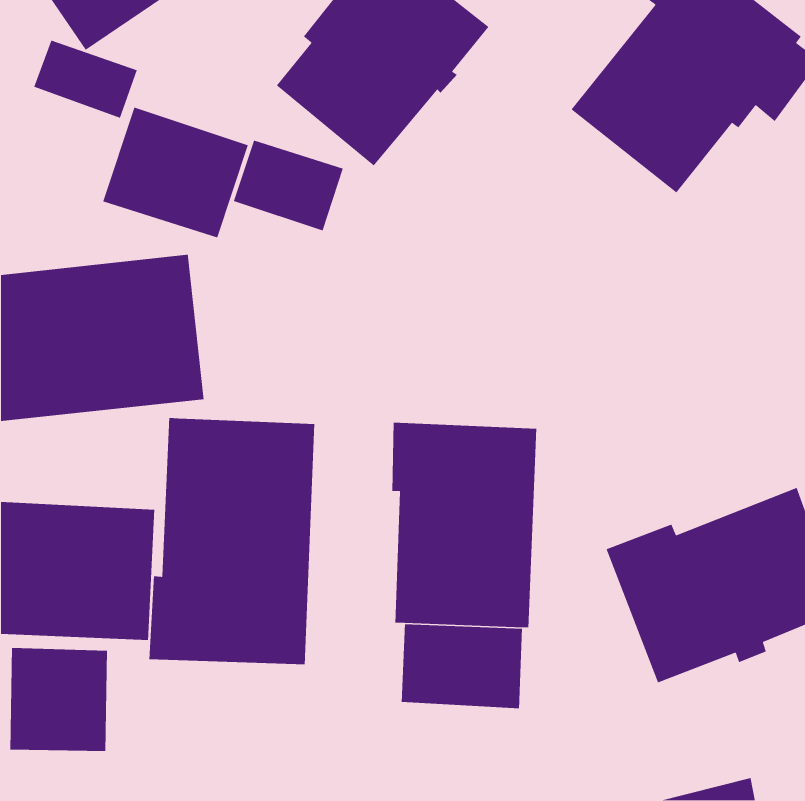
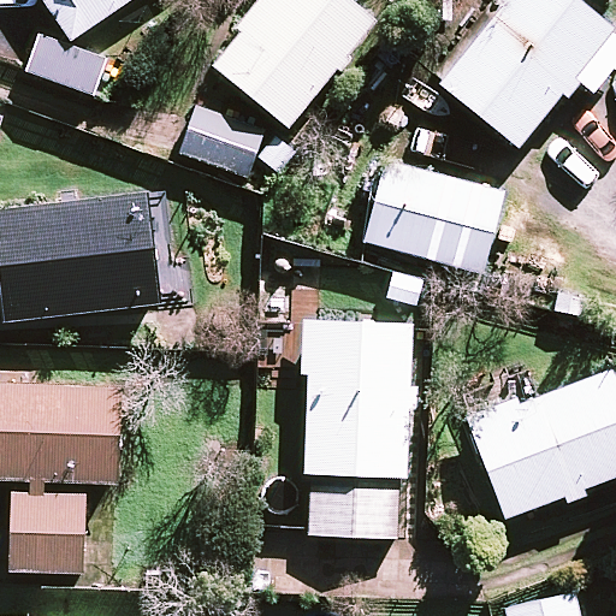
building: [102,107,249,239] -> none
building: none -> [363,160,503,272]
building: [148,417,315,665] -> none

